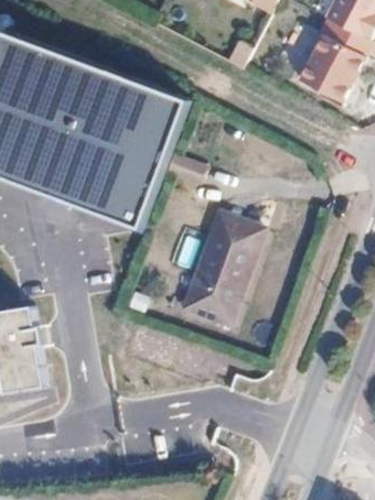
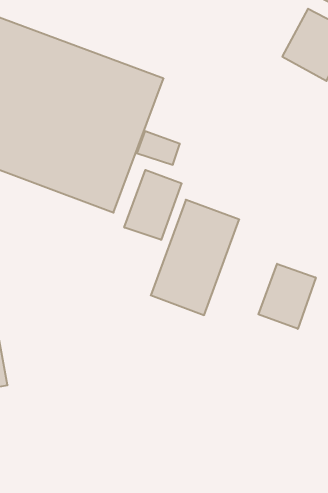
building: none -> [124,170,182,240]
building: none -> [258,264,316,329]

